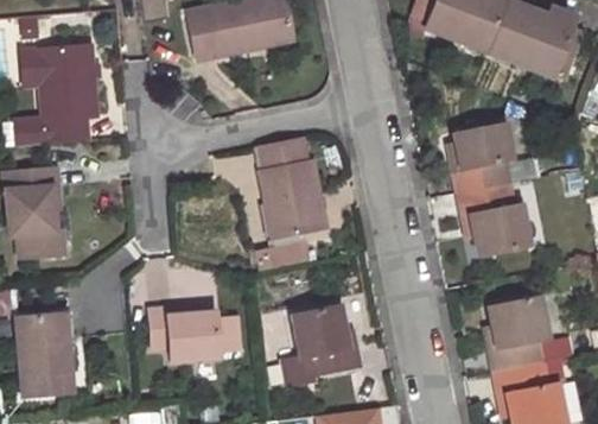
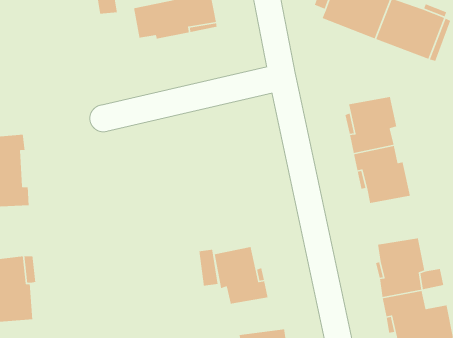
building: [37,46,95,144] -> none
building: [252,138,318,241] -> none
building: [150,310,218,361] -> none

